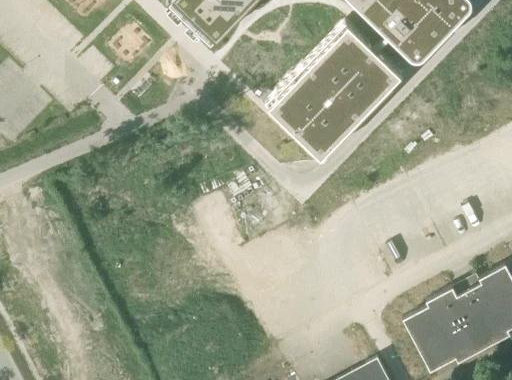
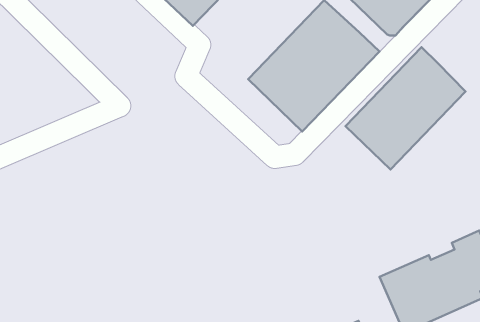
building: none -> [345,47,466,169]

